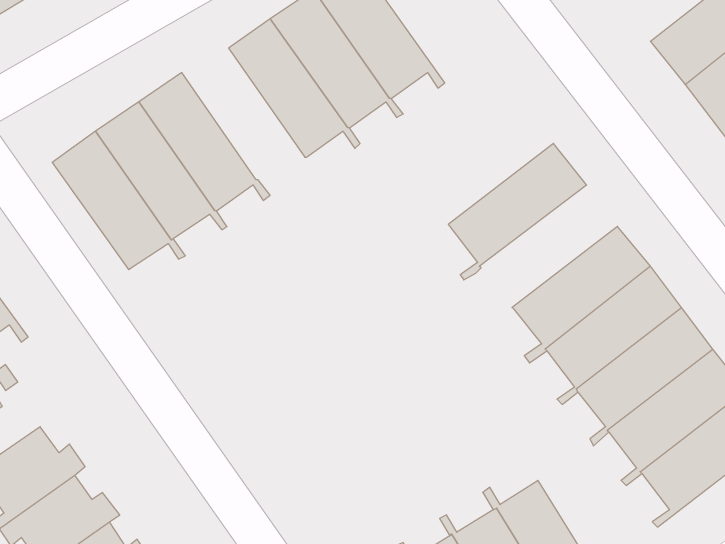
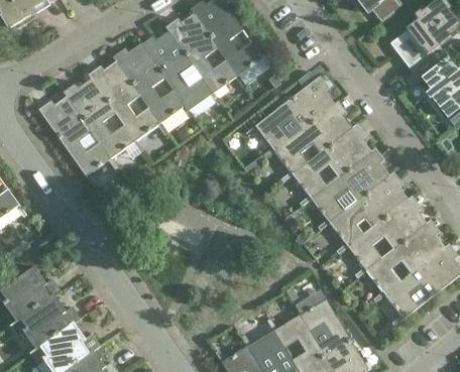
building: none -> [117,42,193,123]
building: none -> [254,78,334,157]
building: none -> [291,126,371,206]

